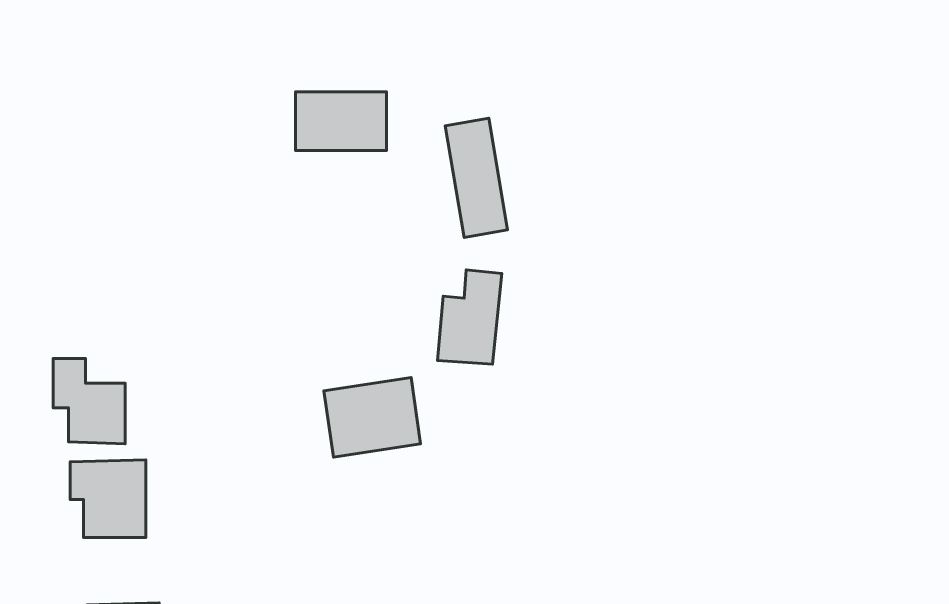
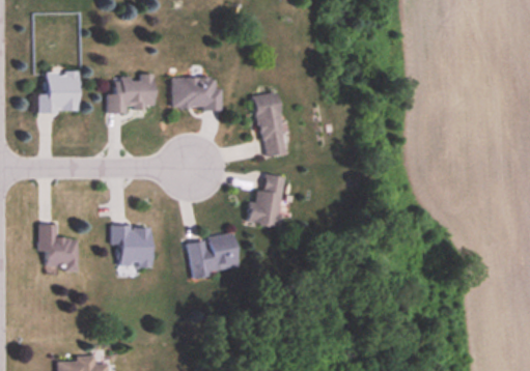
building: none -> [38,72,79,114]
building: none -> [106,75,156,112]
building: [70,460,146,538] -> [110,225,151,267]

